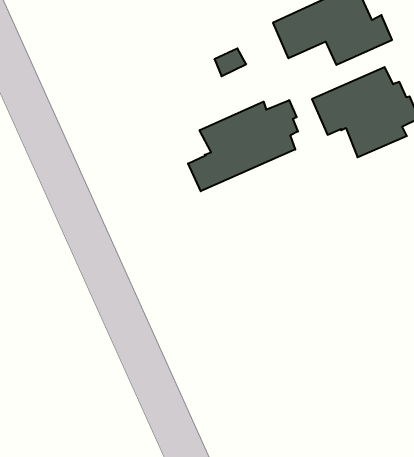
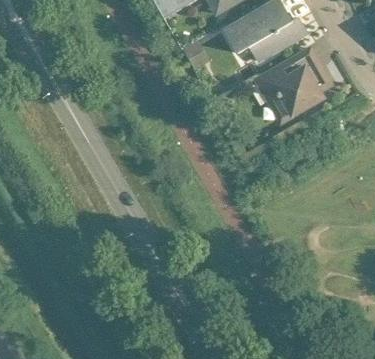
building: [188,100,298,191] -> none

